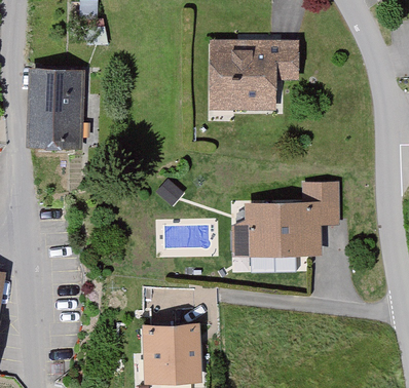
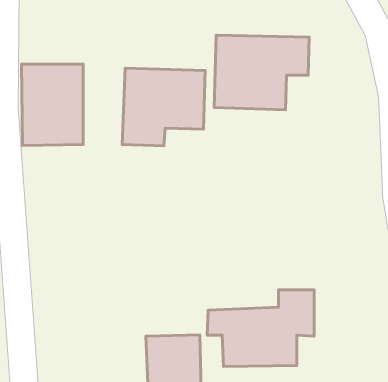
building: none -> [122,68,205,146]
building: [235,185,337,258] -> [207,290,314,367]

